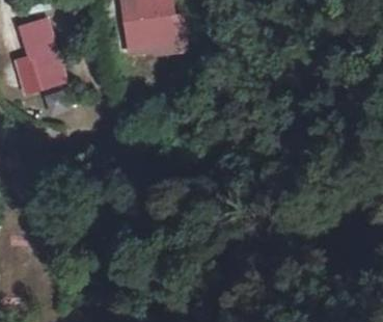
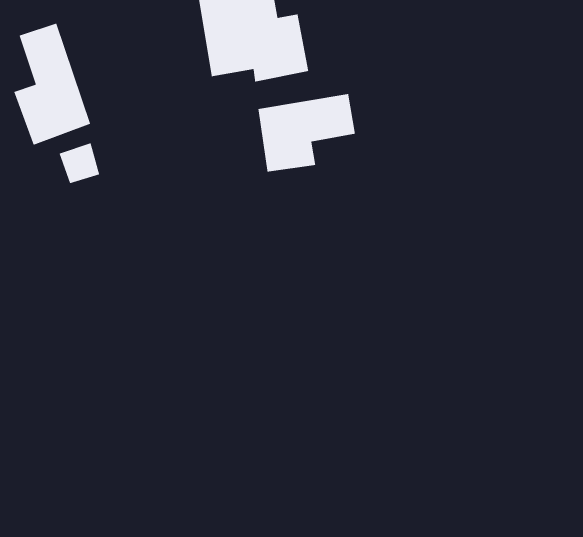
building: none -> [258,93,356,173]

